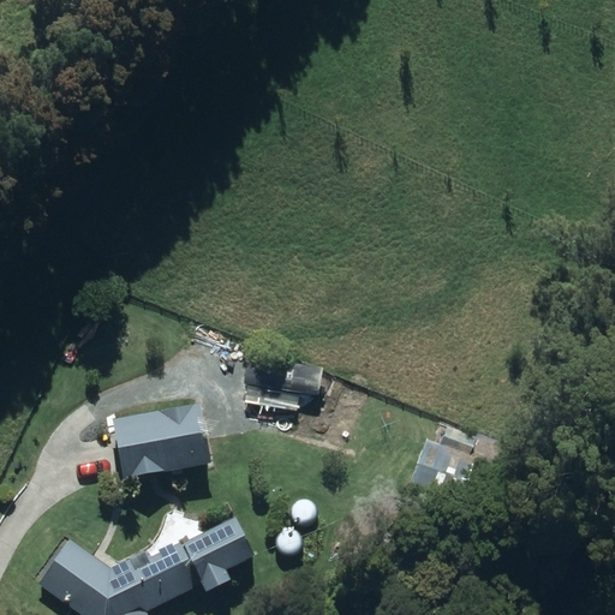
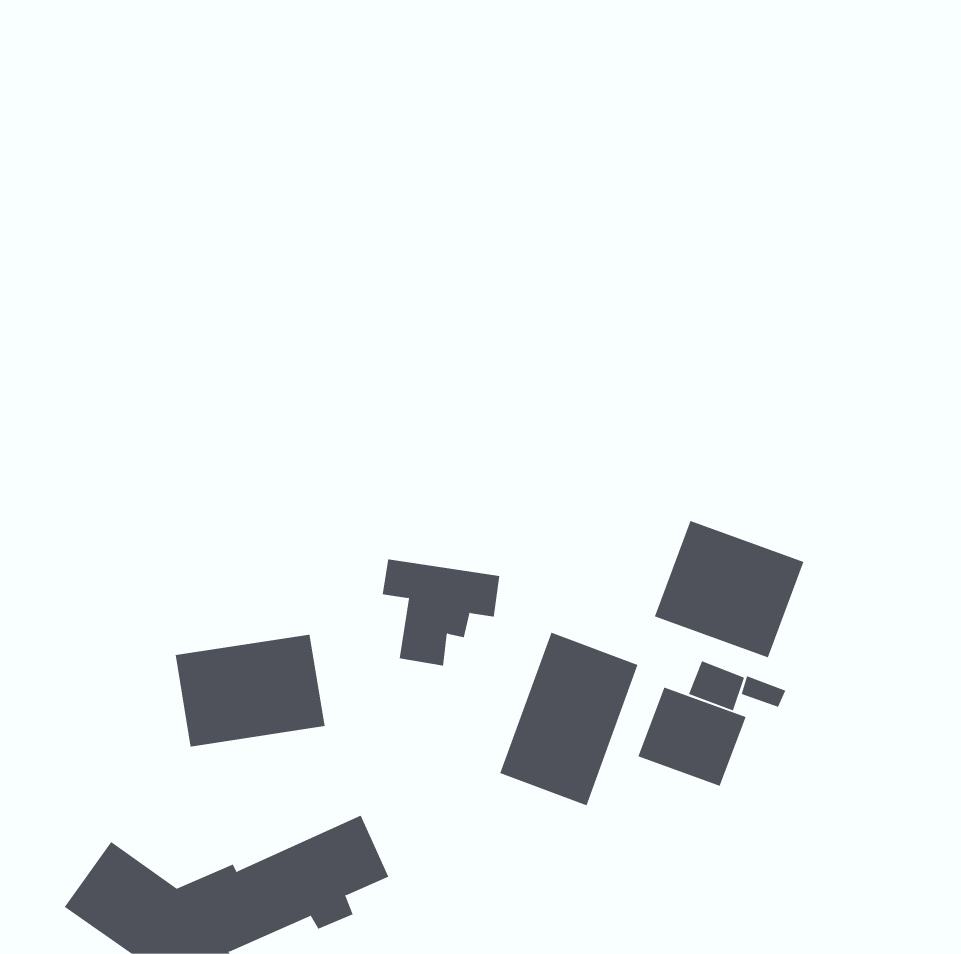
building: none -> [654,520,804,658]
building: none -> [500,632,638,806]

